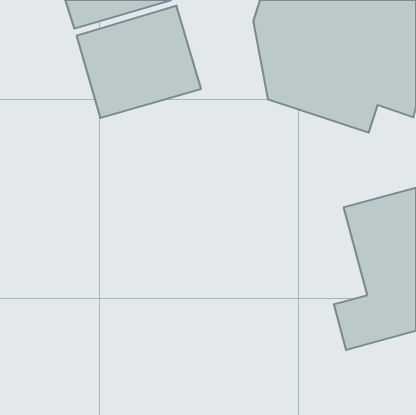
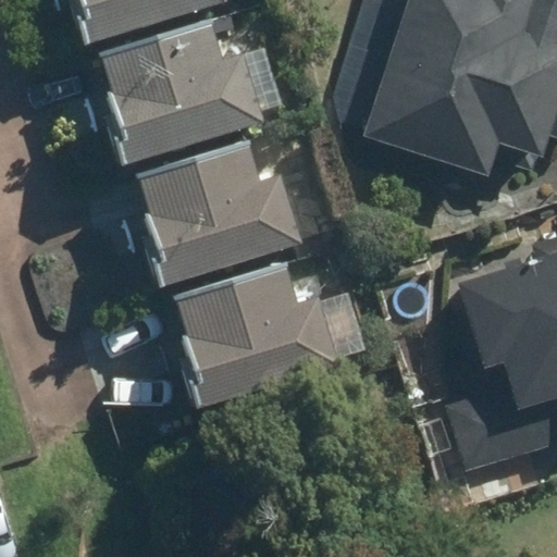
building: none -> [138,138,304,281]
building: none -> [173,257,377,411]

